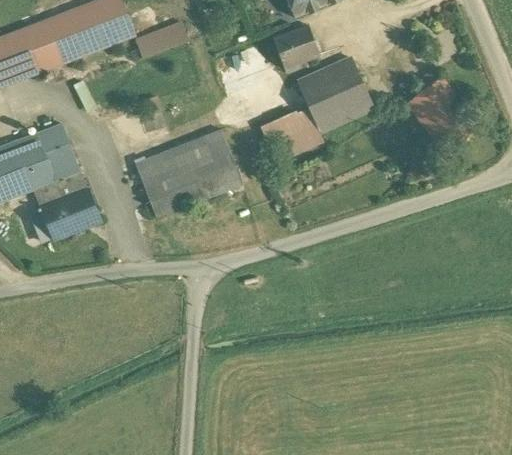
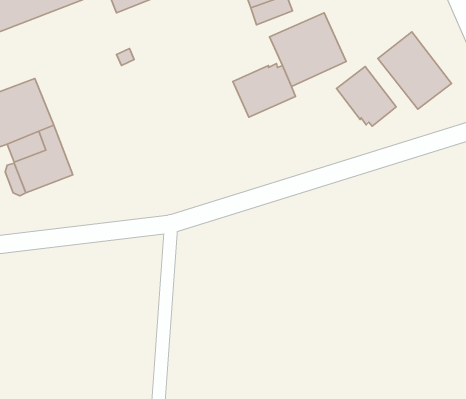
building: none -> [337,67,396,126]
building: [135,129,243,217] -> none

